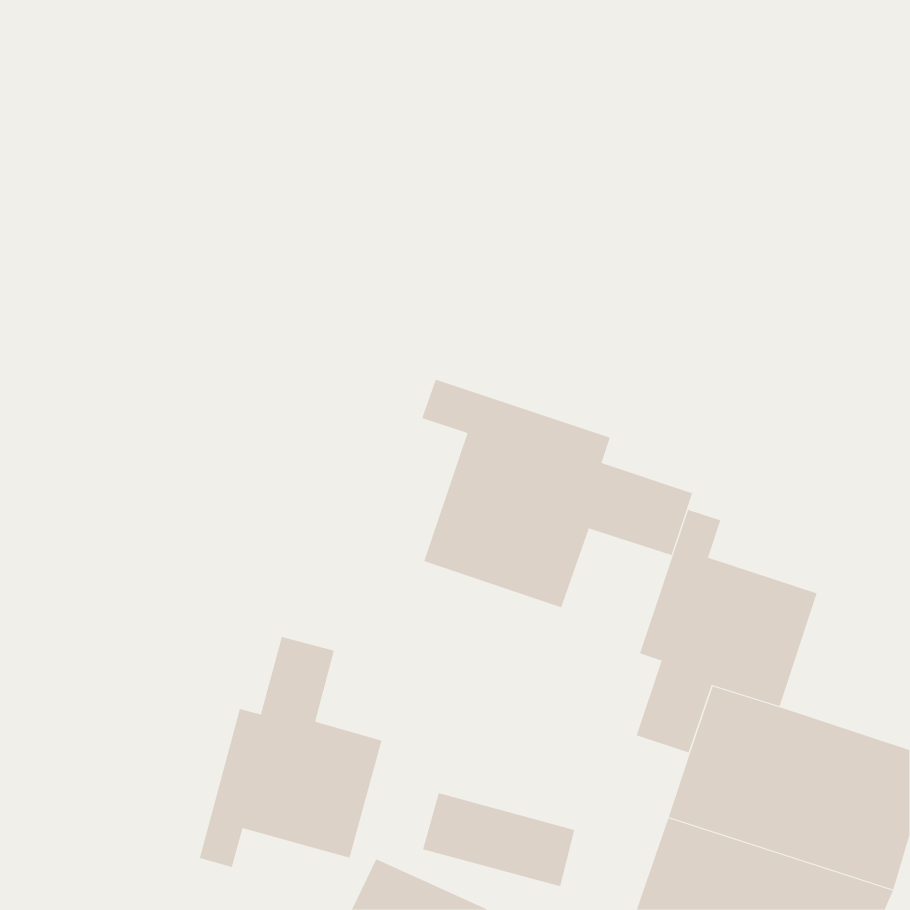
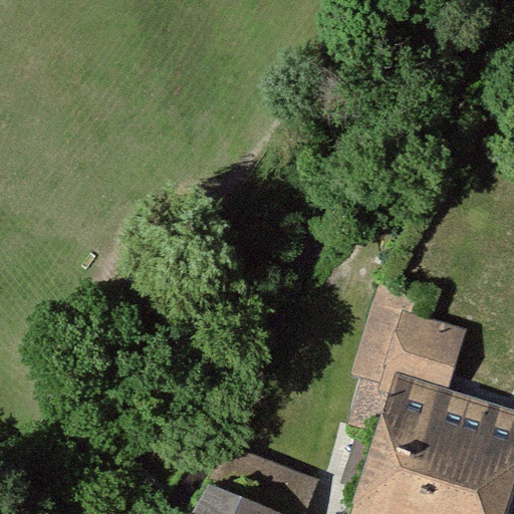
building: [422,379,693,608] -> none
building: [199,636,382,868] -> none

